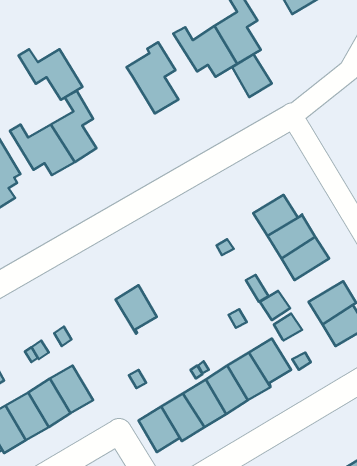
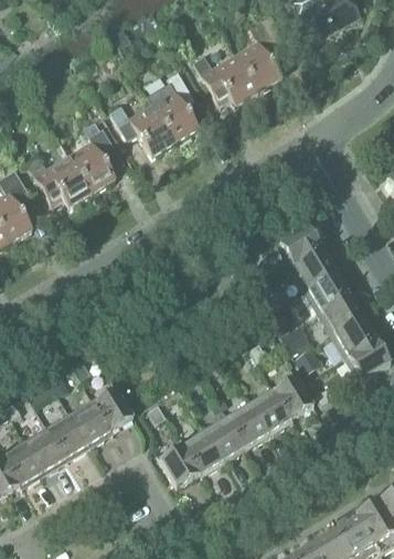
building: [18,49,82,100] -> [109,105,174,157]
building: [232,54,272,97] -> none
building: none -> [317,291,366,335]
building: [116,285,157,334] -> [90,386,132,436]

